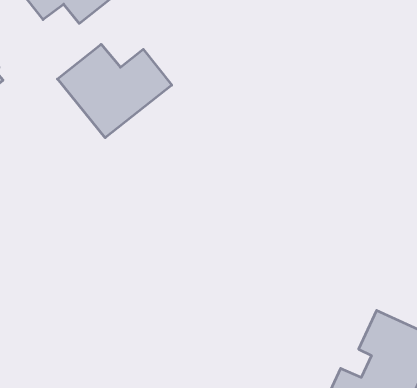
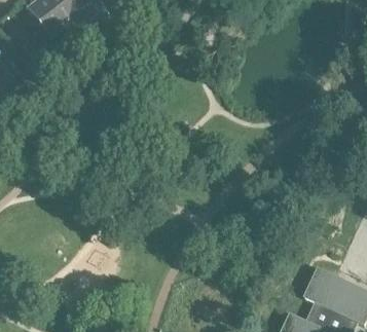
building: [57,44,172,138] -> none

